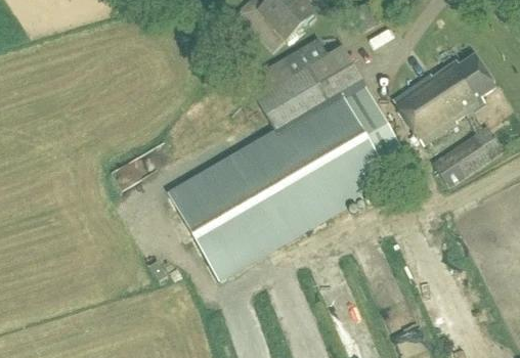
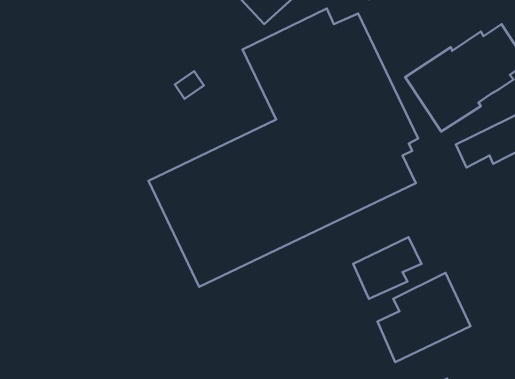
building: none -> [353,237,422,299]
building: none -> [377,273,471,362]

